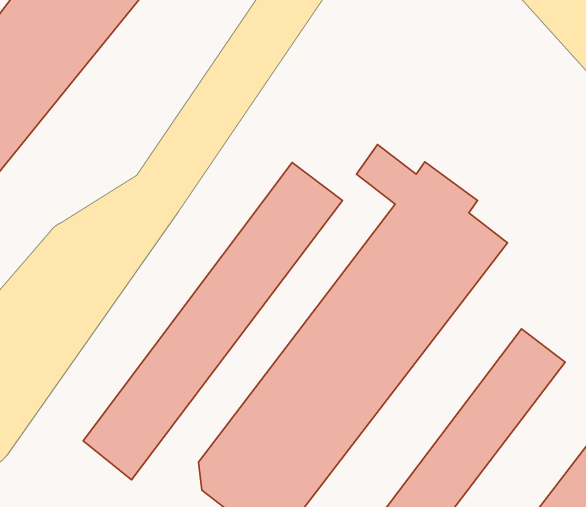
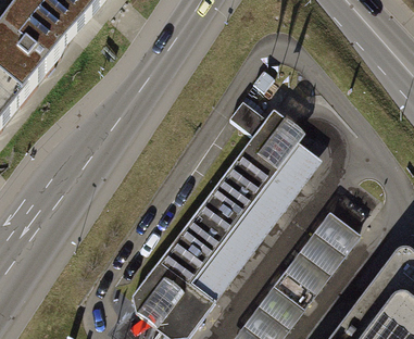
building: [83,163,343,480] -> none

